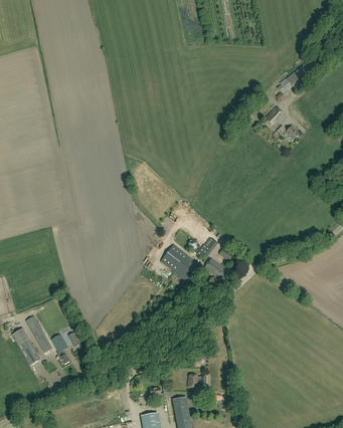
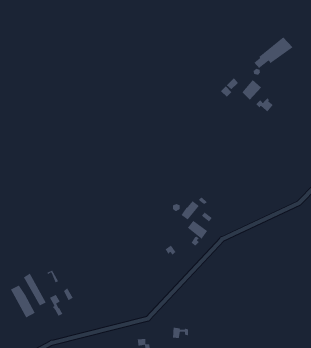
building: [161,243,198,279] -> none

